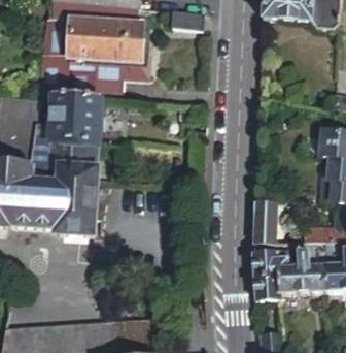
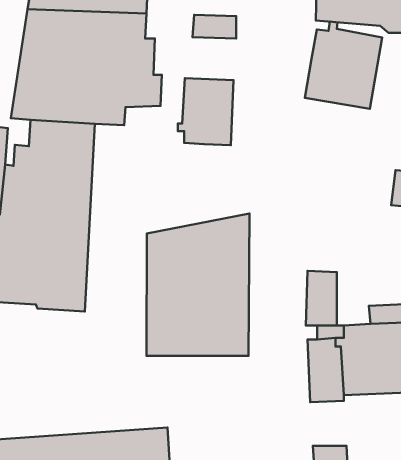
building: none -> [305,22,382,109]
building: none -> [178,78,234,145]
building: none -> [147,213,249,356]

